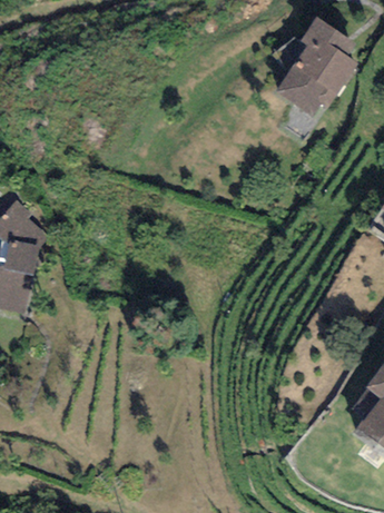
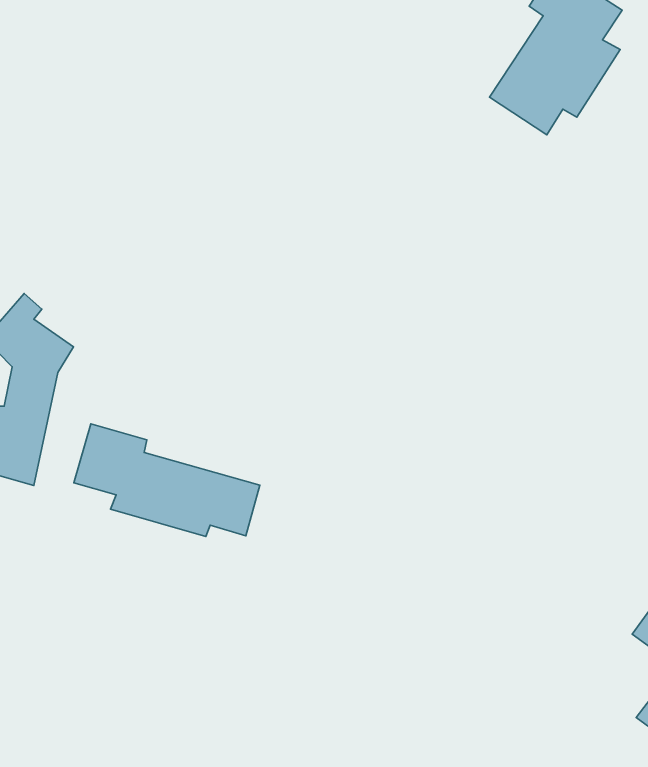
building: none -> [74,424,260,537]

